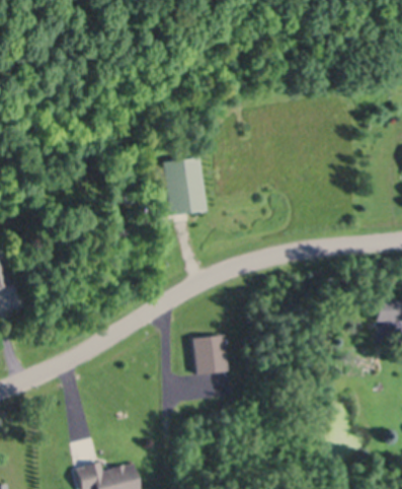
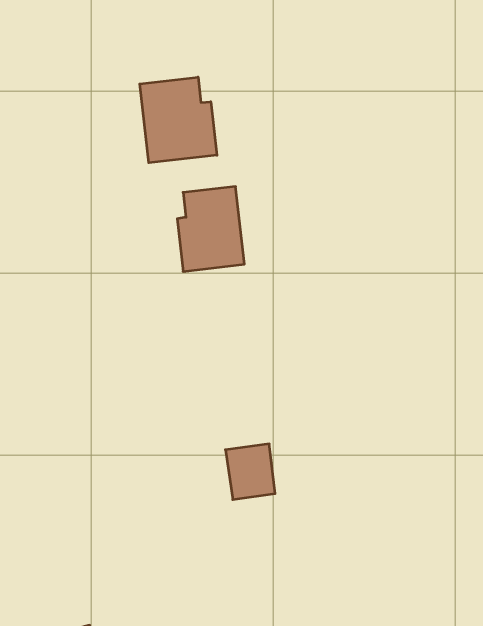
building: none -> [140,77,217,163]

